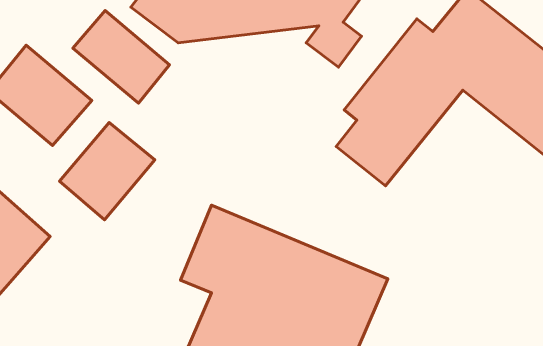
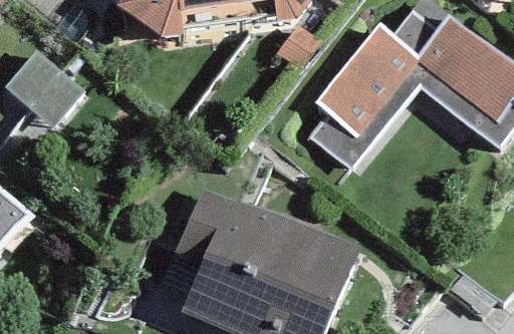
building: [73,10,169,103] -> none
building: [59,122,155,220] -> none

